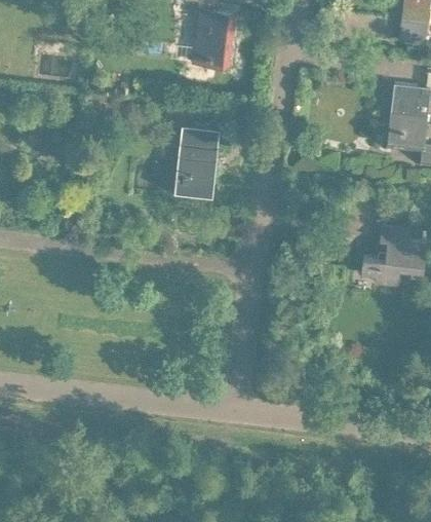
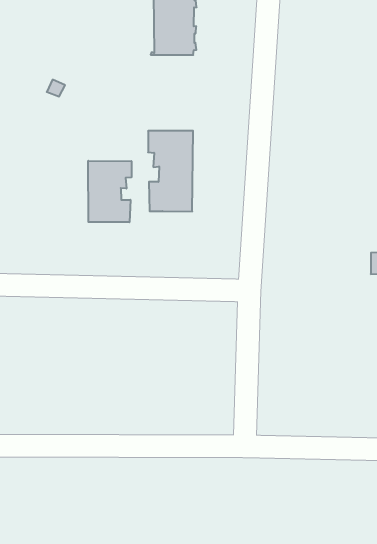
building: none -> [88,161,131,222]

